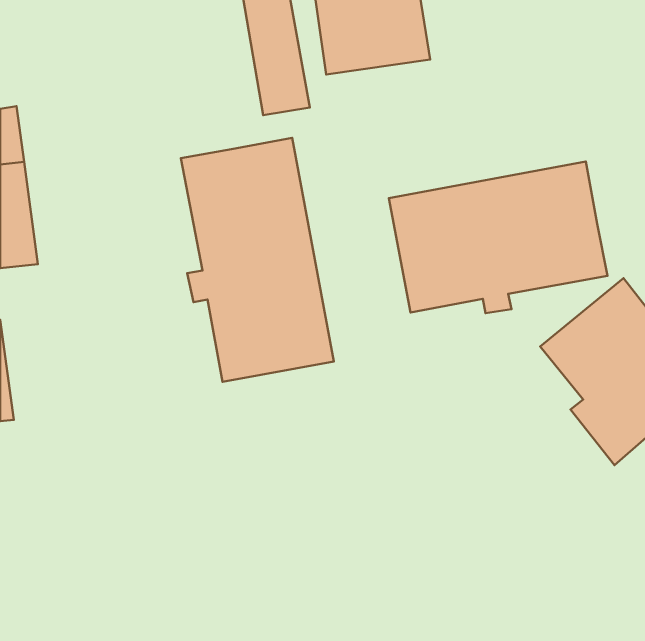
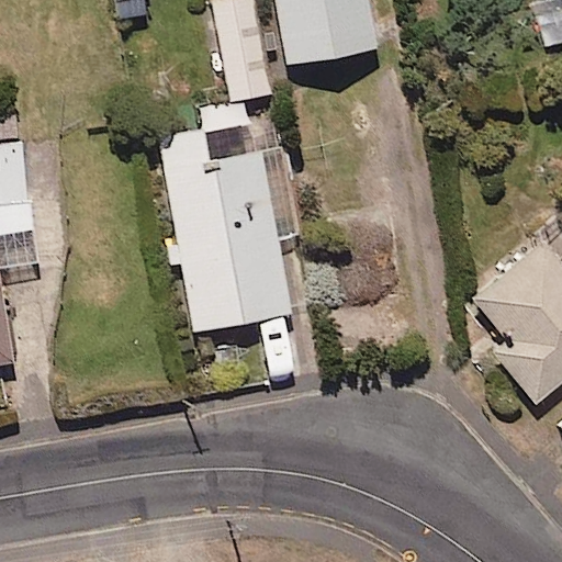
building: [389,162,607,313] -> none

